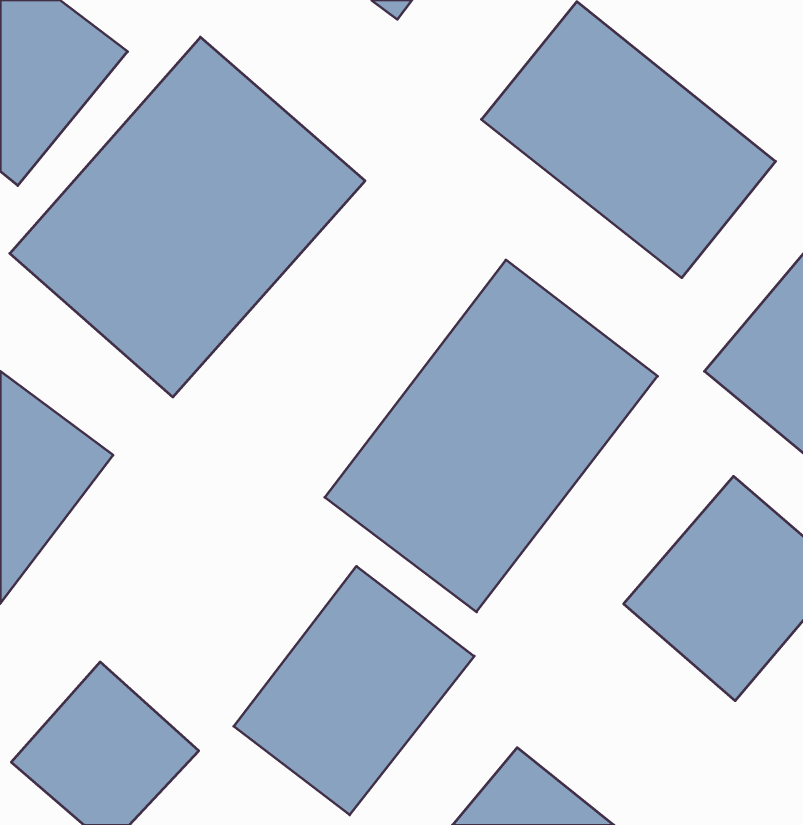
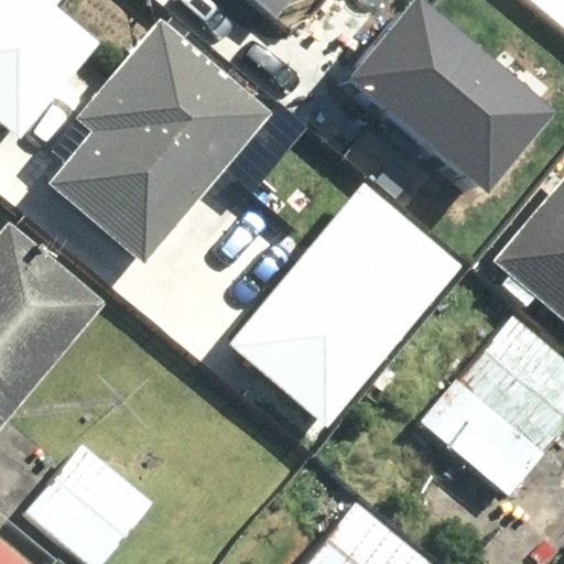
building: [234,566,474,815] -> none

